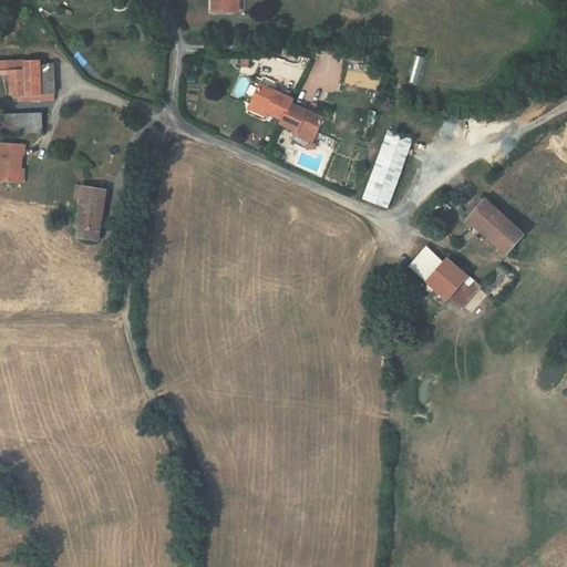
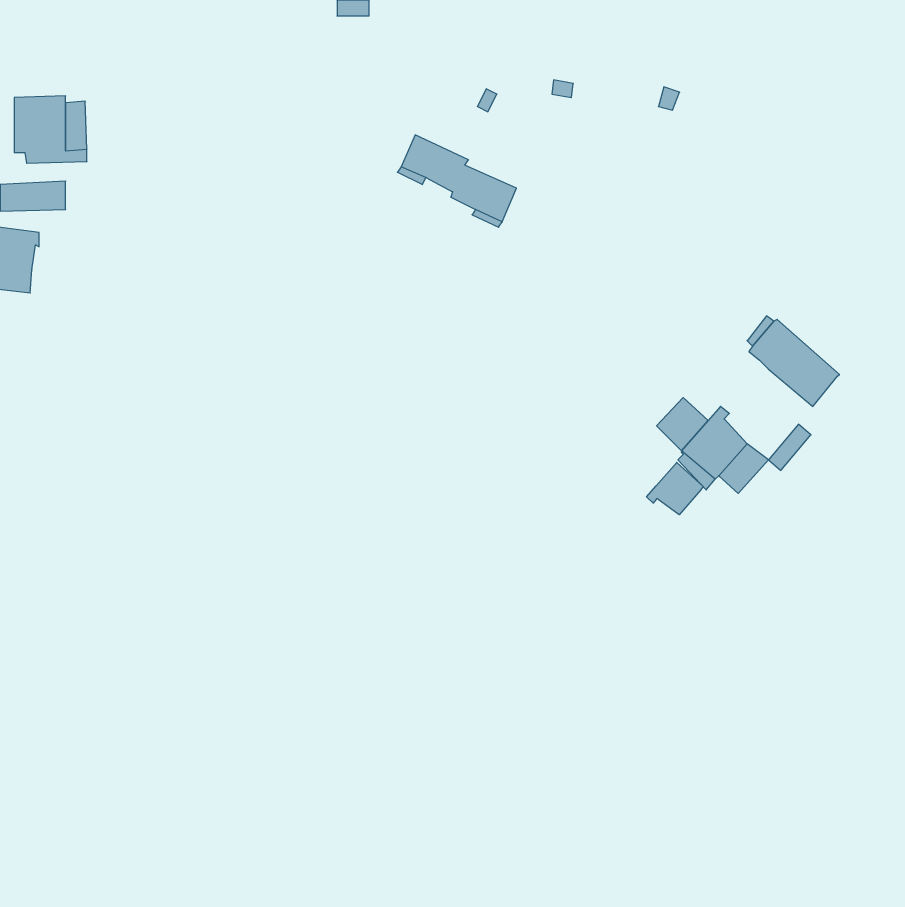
building: [363,131,412,206] -> none
building: [74,186,104,239] -> none
building: none -> [647,462,703,515]

